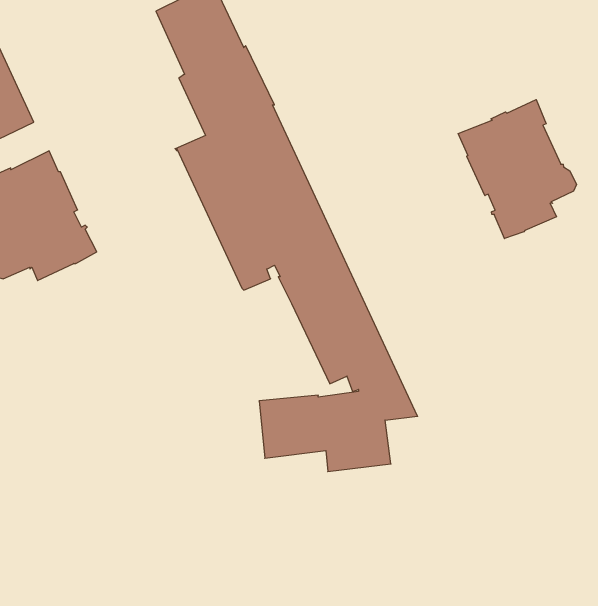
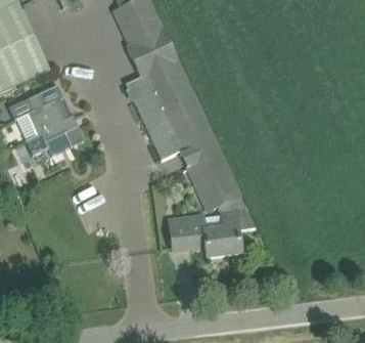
building: [458,100,576,239] -> none

